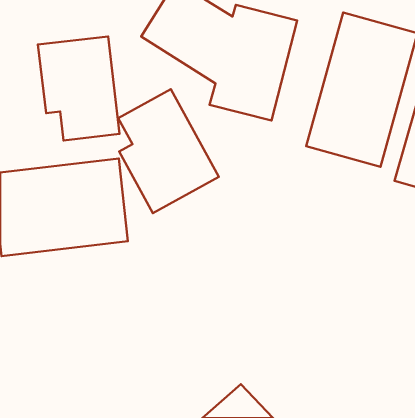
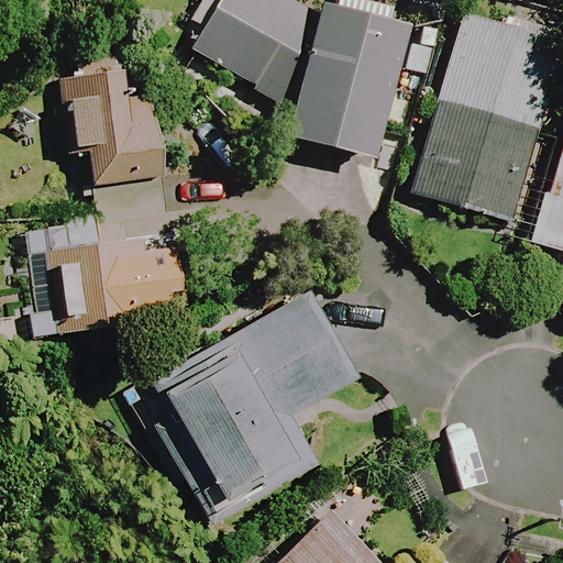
building: [118,89,219,213] -> none
building: none -> [152,291,354,506]

